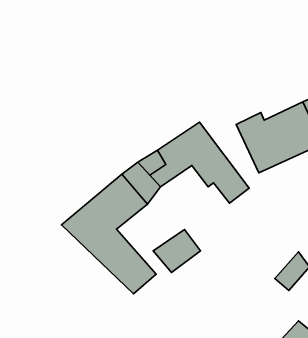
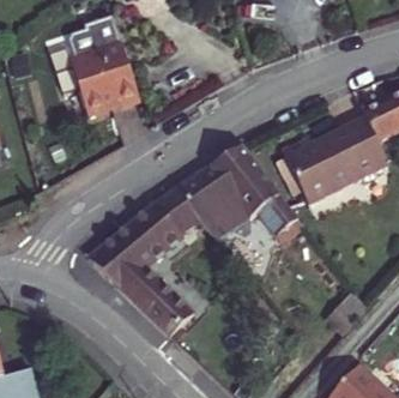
building: none -> [44,19,133,119]
building: [153,229,201,273] -> [200,192,253,240]

